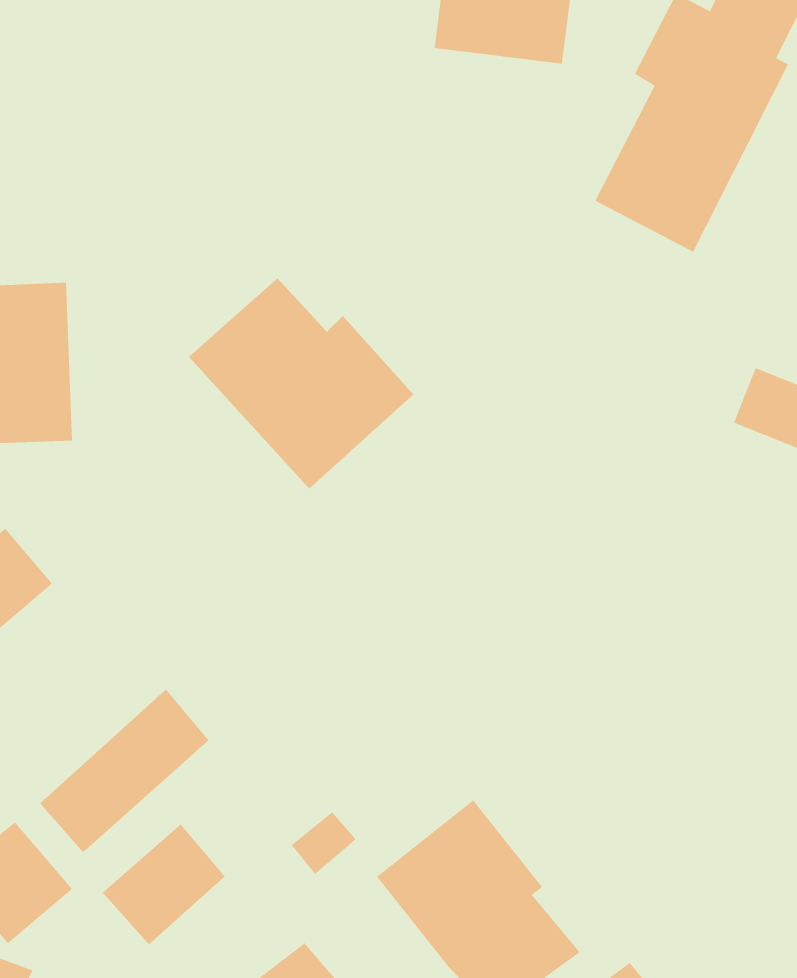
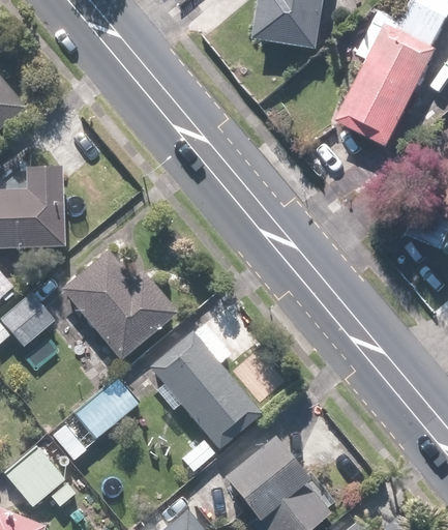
building: [188,277,414,490] -> [61,251,179,361]
building: none -> [147,322,263,449]
building: [102,823,226,945] -> none

